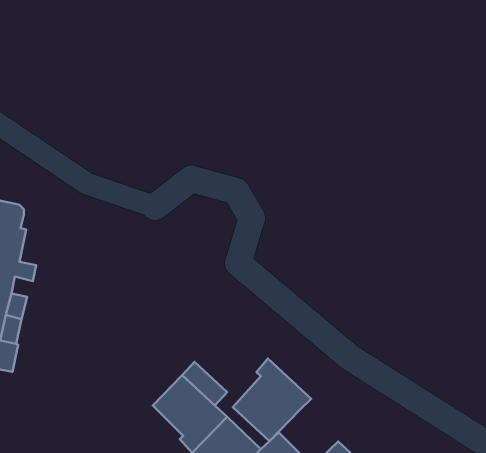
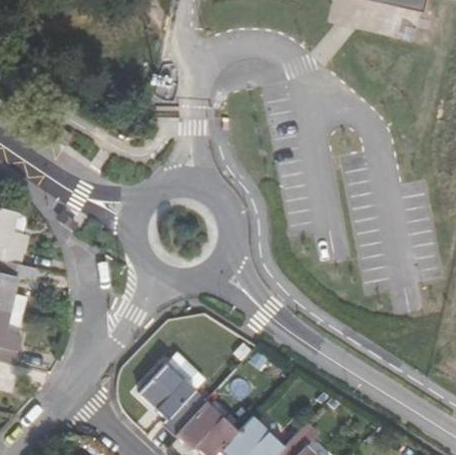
building: [233,358,311,441] -> none

